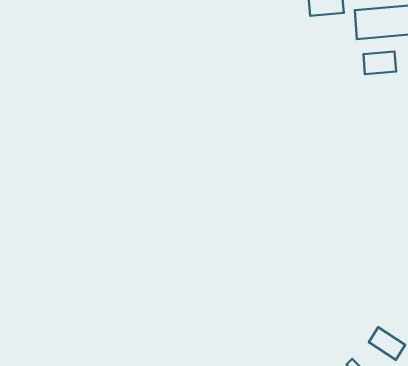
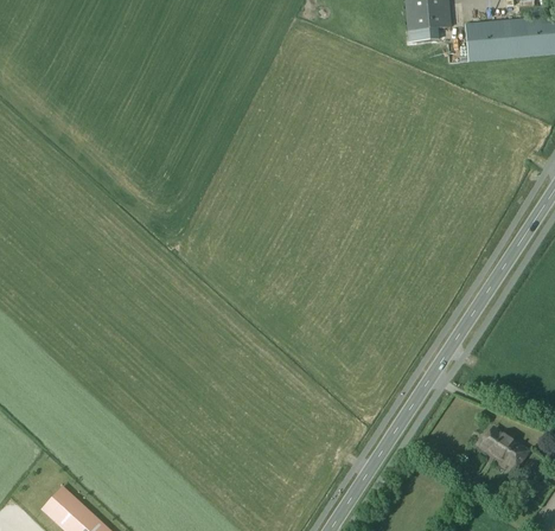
building: [363,52,396,74] -> none

